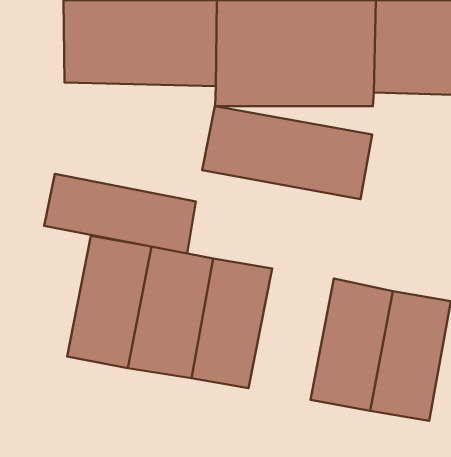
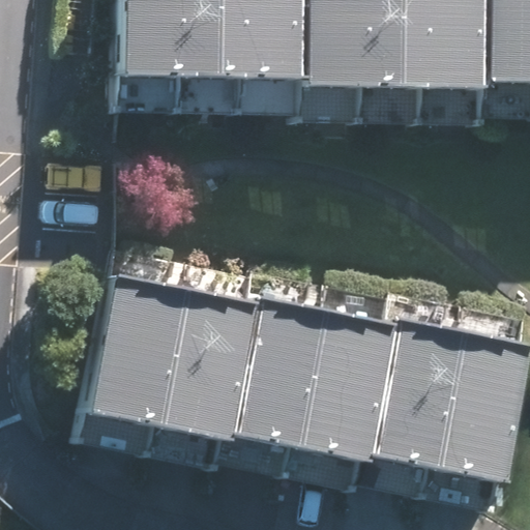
building: [202,106,372,199] -> none
building: [44,174,196,253] -> none
building: none -> [298,314,395,464]

